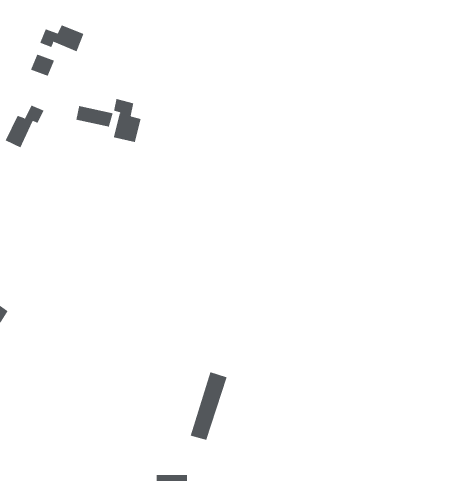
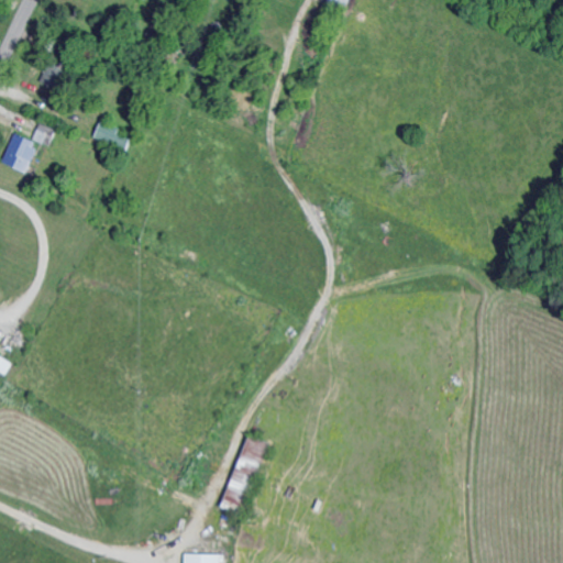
building: [39,25,84,52] -> none
building: [113,98,141,143] -> none

